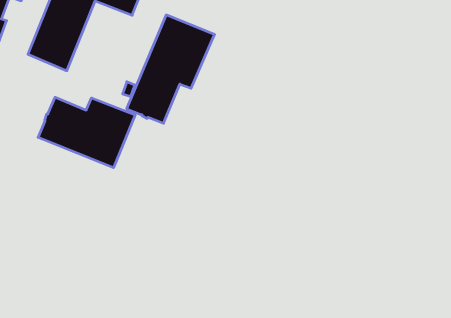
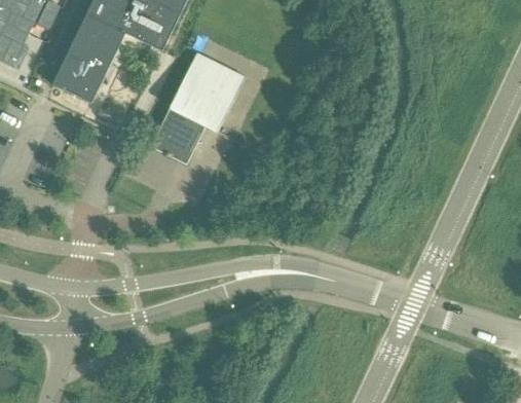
building: [38,97,135,168] -> none

